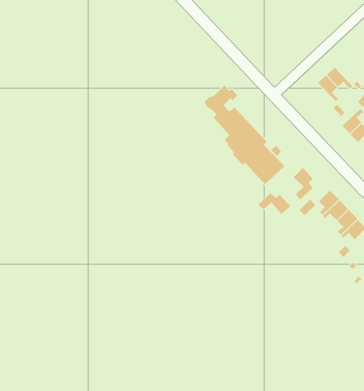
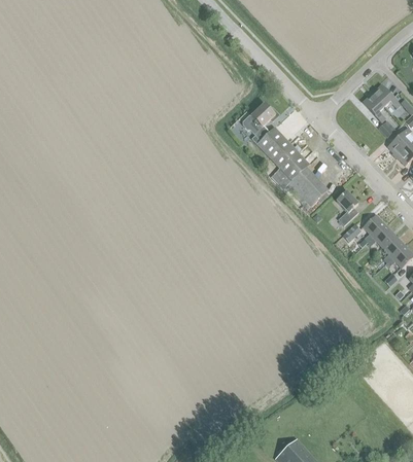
building: [257,192,291,215] -> none

